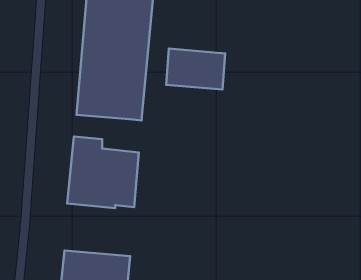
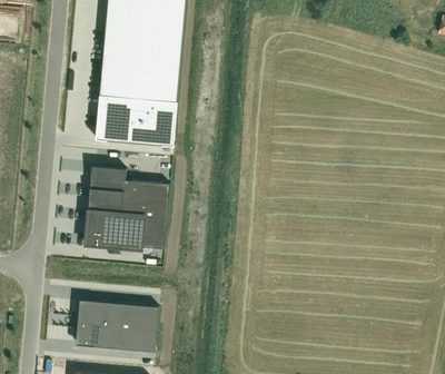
building: [166,48,225,90] -> none

